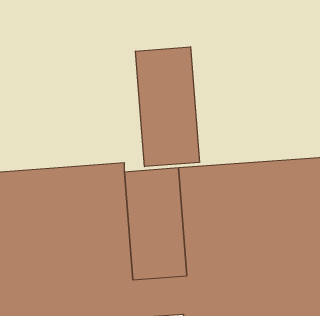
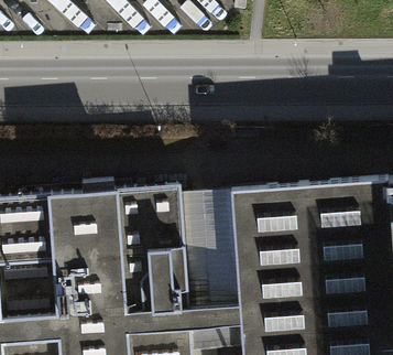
building: [136,47,199,167] -> none

